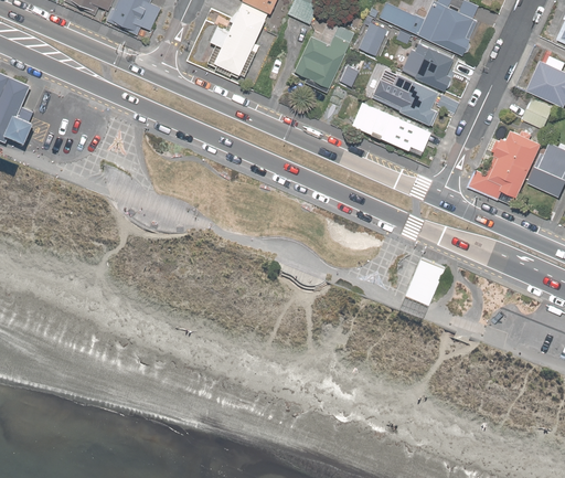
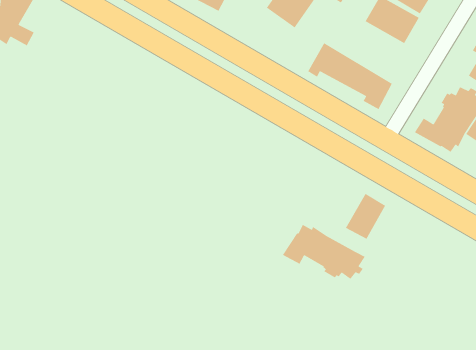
building: [369,74,457,128] -> none
building: none -> [282,224,366,280]

